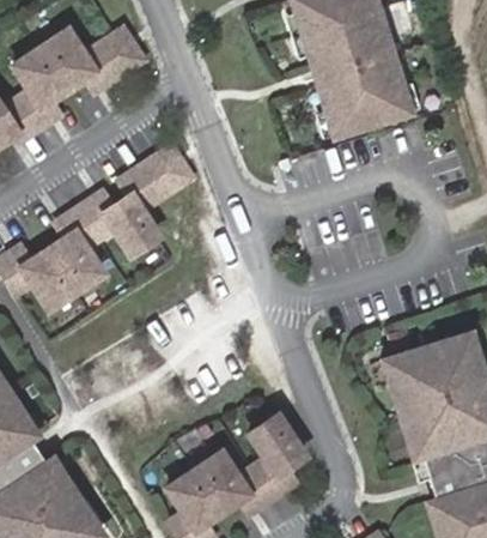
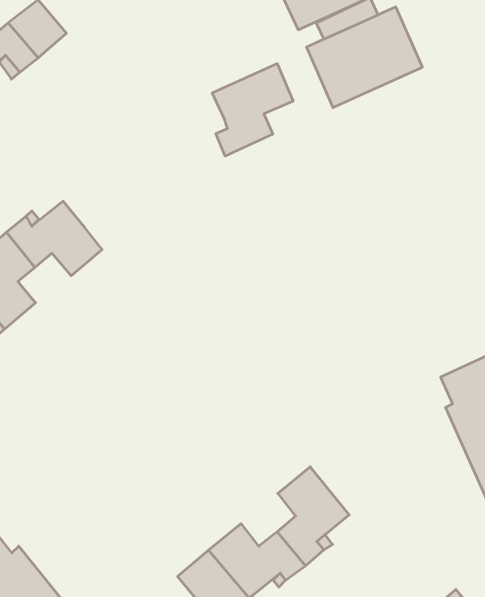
building: none -> [212,64,293,156]
building: [114,149,183,211] -> none

